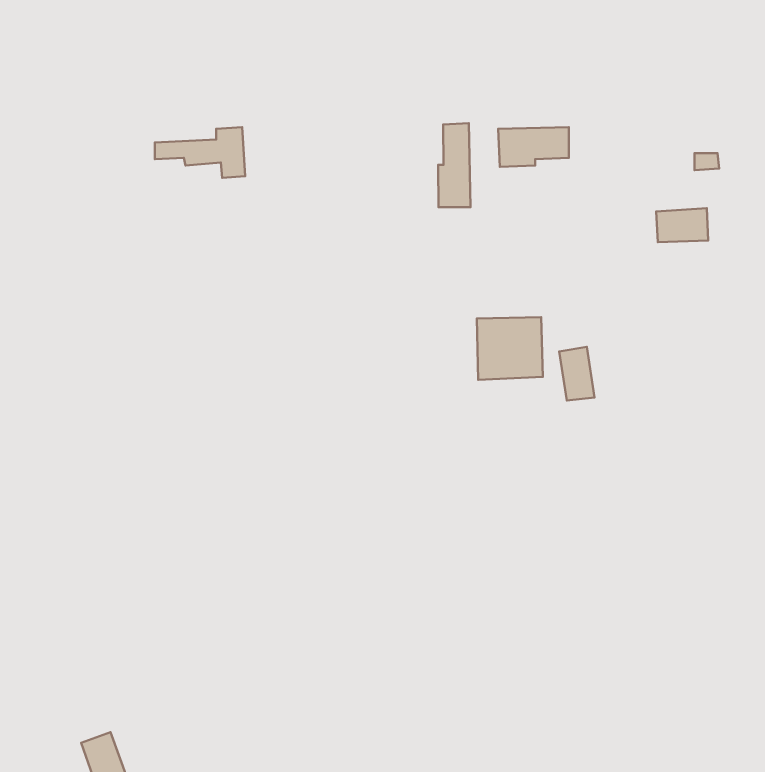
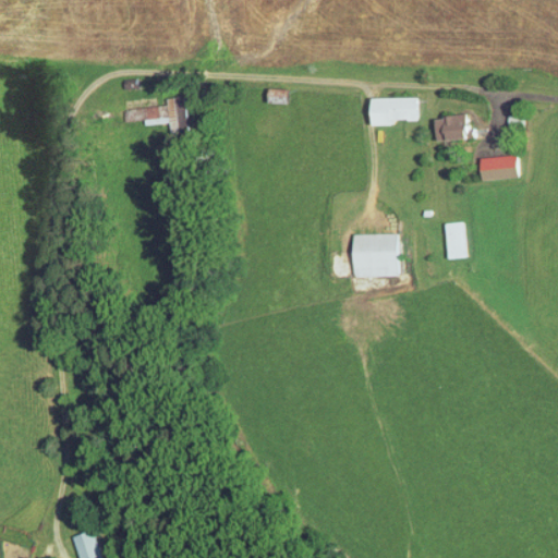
building: [438,123,471,207] -> none
building: none -> [433,114,472,143]
building: [559,347,594,400] -> [442,221,468,259]

